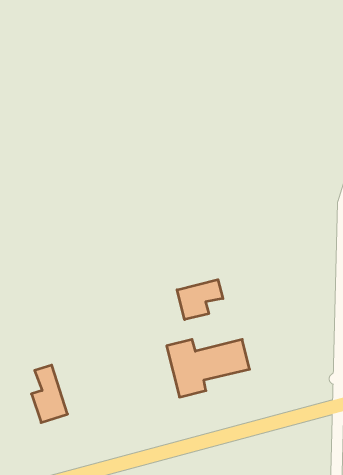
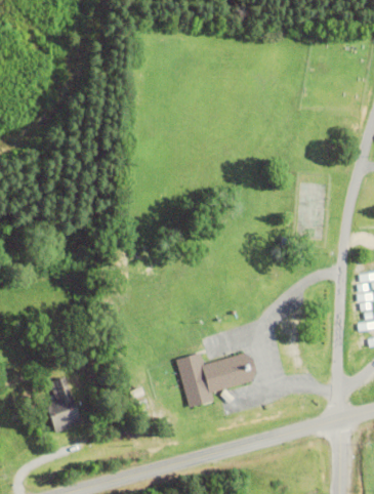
building: [177,280,223,320] -> none

